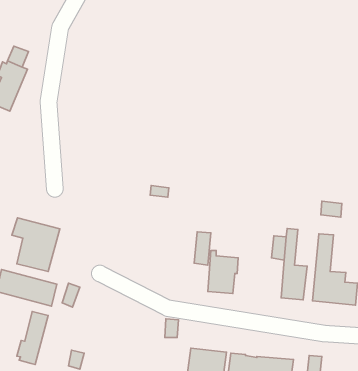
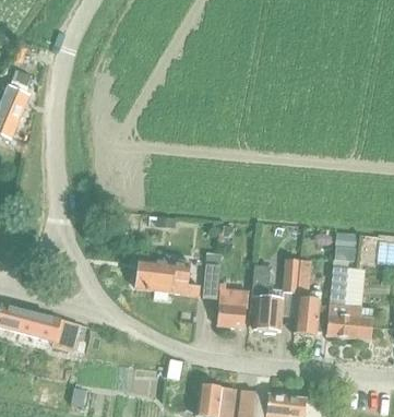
building: [12,218,60,272] -> none
building: none -> [136,259,200,295]
building: none -> [250,264,283,331]
building: [17,311,48,365] -> none

